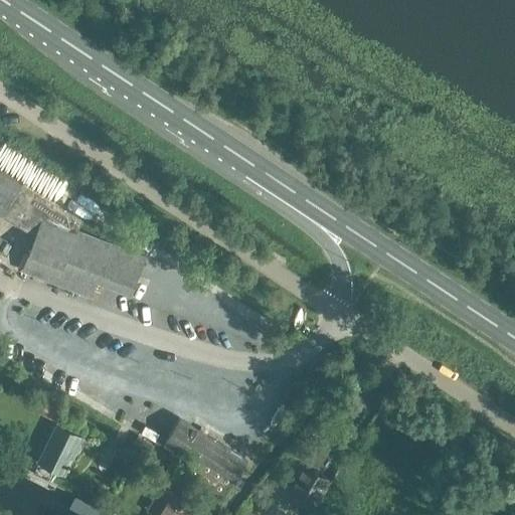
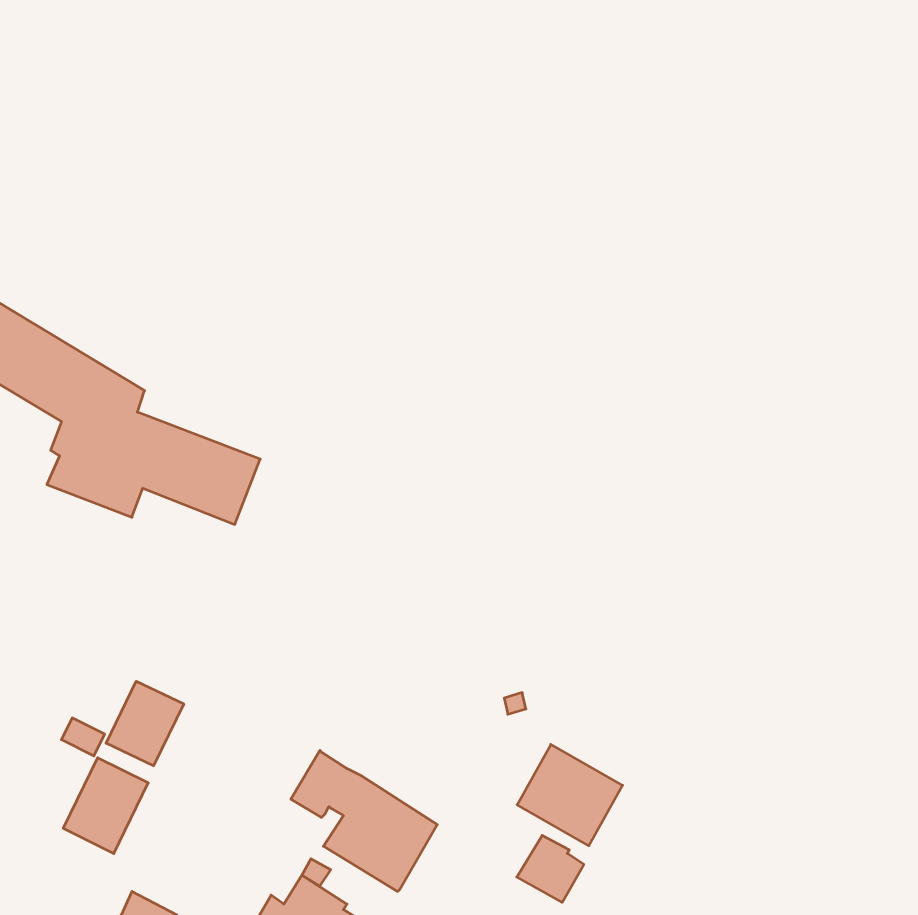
building: none -> [106,681,184,766]
building: none -> [517,744,623,846]

